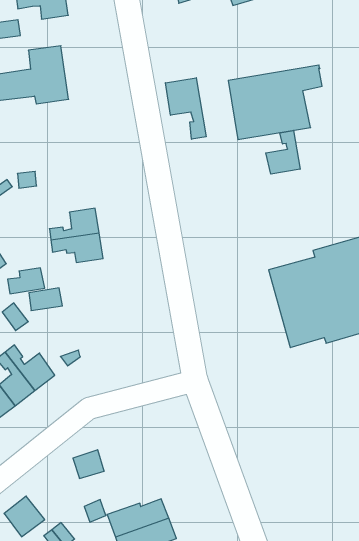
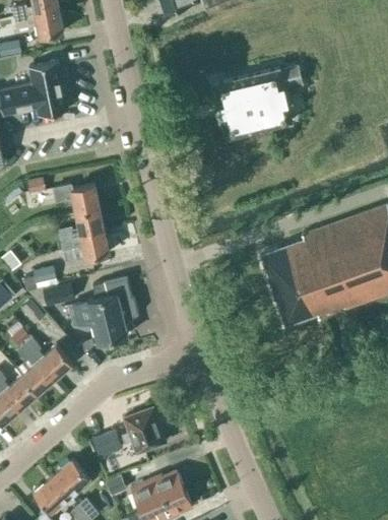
building: [165,78,206,139] -> none
building: [266,130,300,174] -> none
building: none -> [54,185,100,213]
building: none -> [70,276,132,343]
building: none -> [122,407,167,453]
building: none -> [53,459,90,497]

